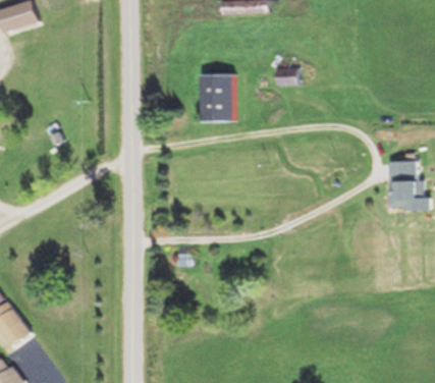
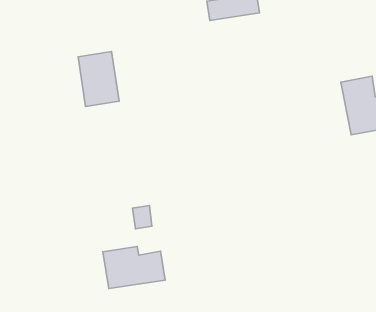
building: [204,73,235,120] -> [78,52,119,106]
building: none -> [103,246,165,288]

